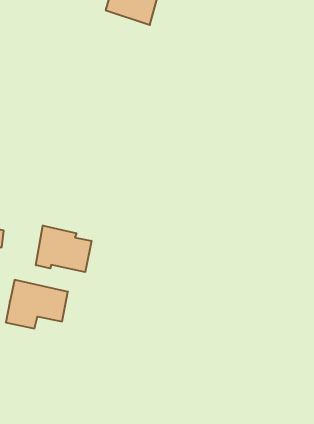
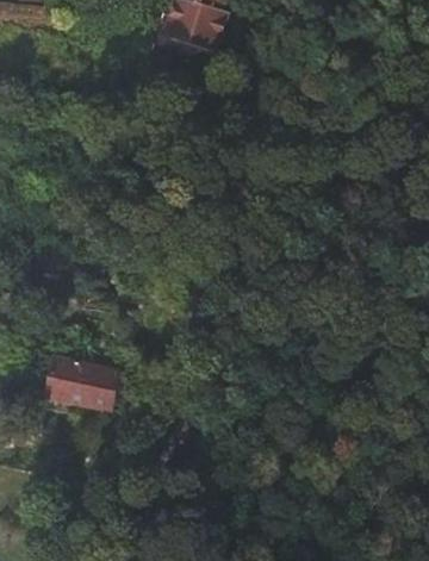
building: [36,225,91,272] -> none

